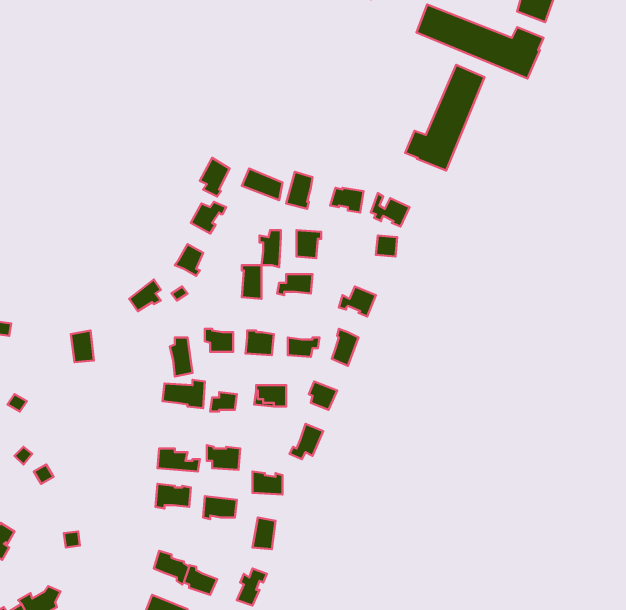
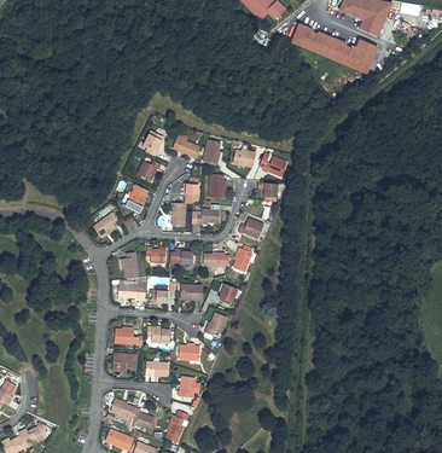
building: [405,65,485,170] -> none

